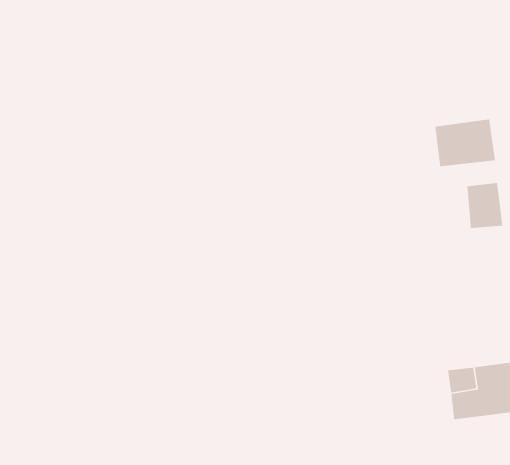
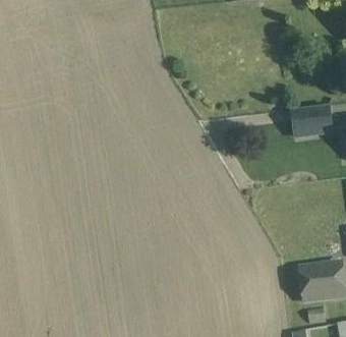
building: [466,182,503,229] -> none

